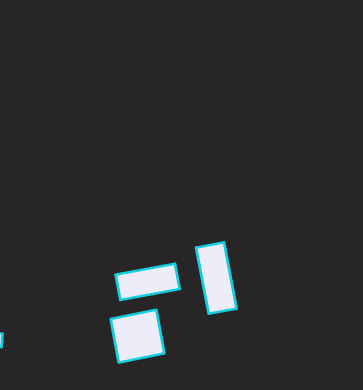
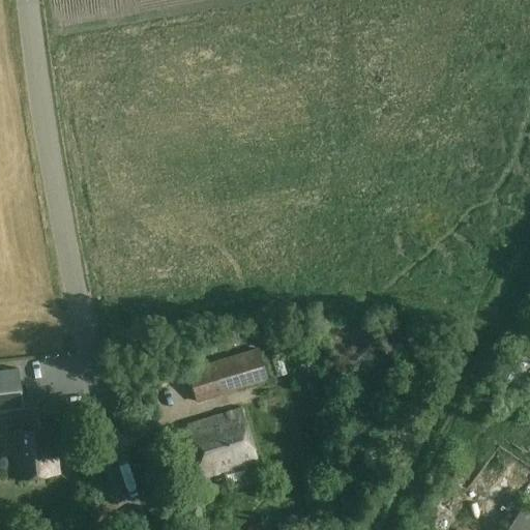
building: [196,242,236,314] -> none

